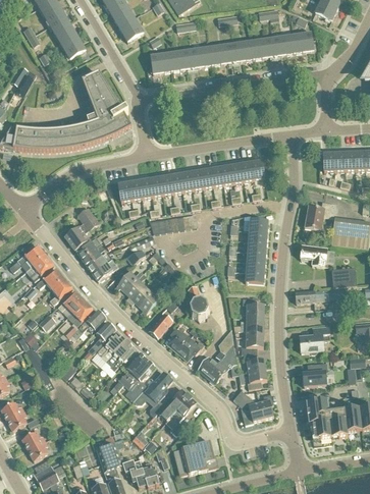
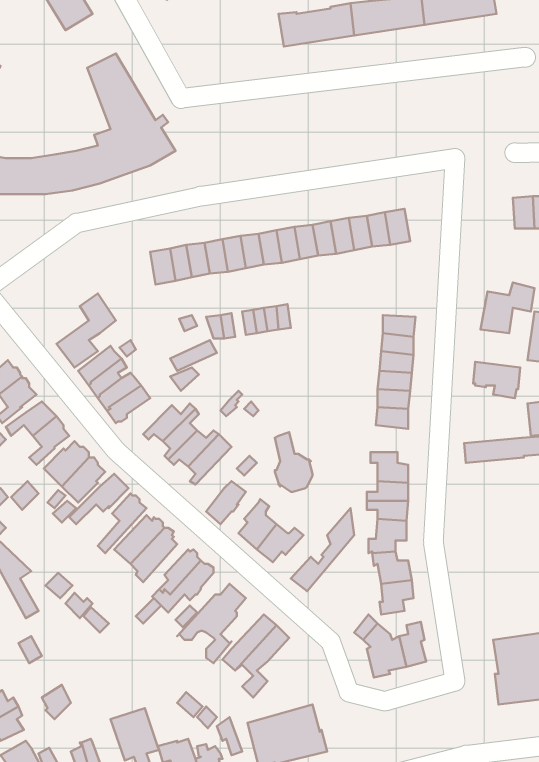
building: [150,49,193,72] -> none
building: [299,325,329,352] -> none
building: [206,343,237,382] -> none
building: [302,362,326,385] -> none

